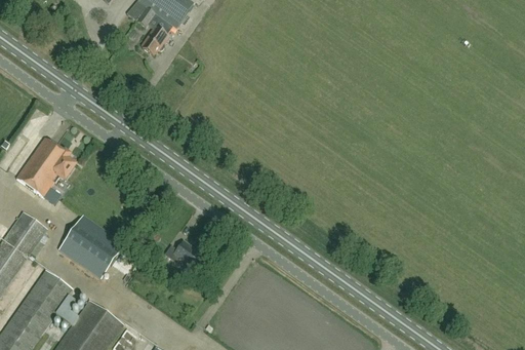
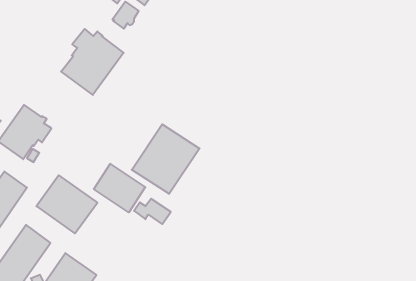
building: none -> [61,29,124,95]
building: none -> [132,124,200,194]
building: none -> [94,164,145,212]

